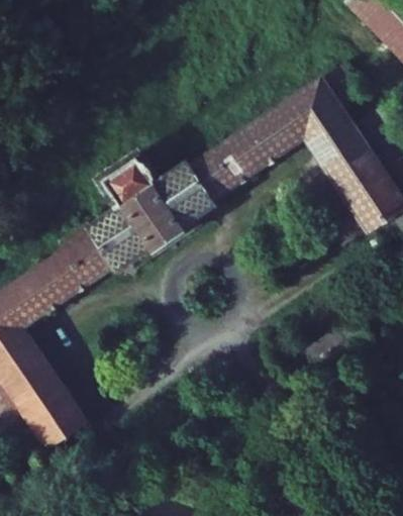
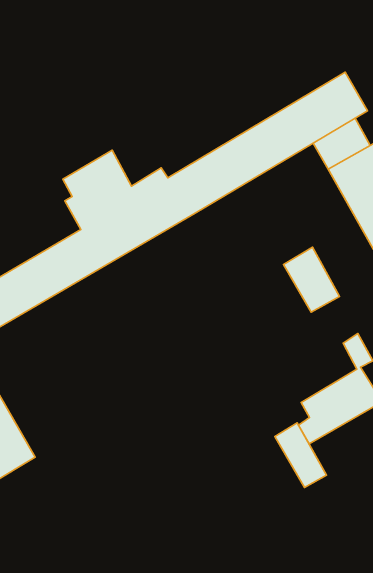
building: none -> [284,247,340,312]
building: none -> [275,423,327,488]

